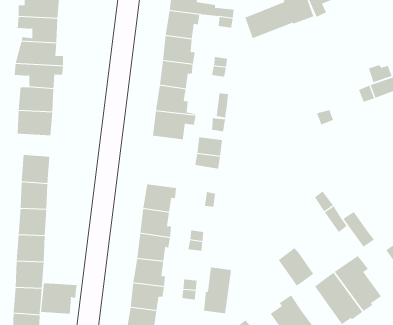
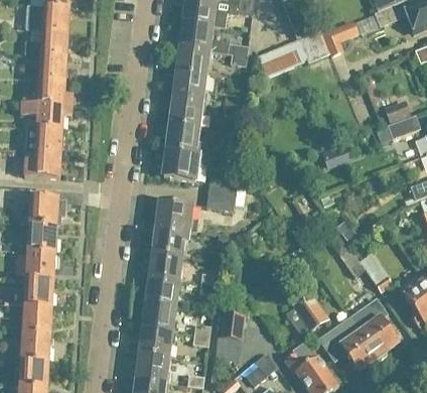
building: none -> [157,200,197,231]
building: [41,283,77,314] -> none

